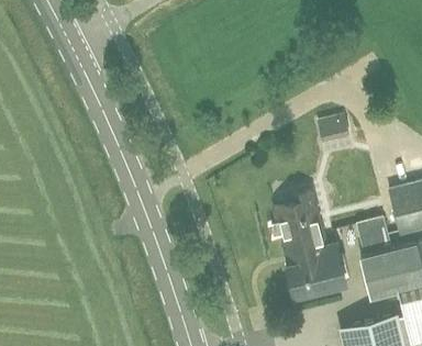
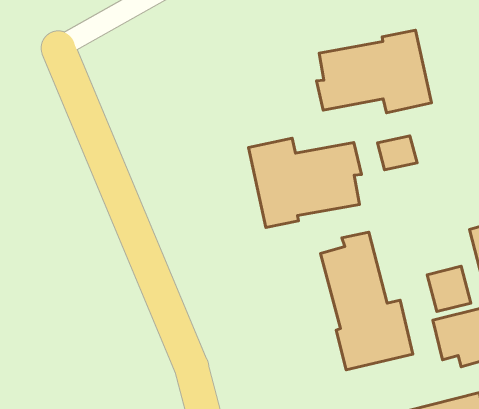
building: none -> [316,30,431,113]
building: none -> [248,138,361,227]

